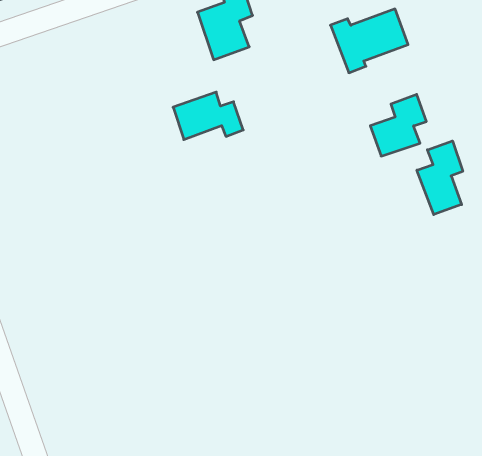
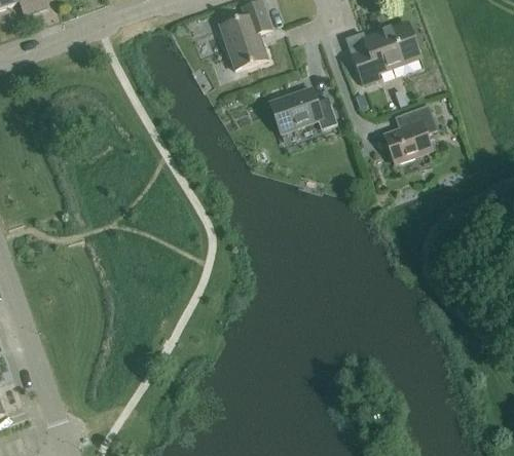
building: [173,92,243,140] -> [270,87,337,132]
building: [417,141,463,215] -> none

